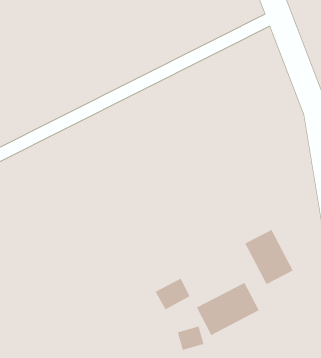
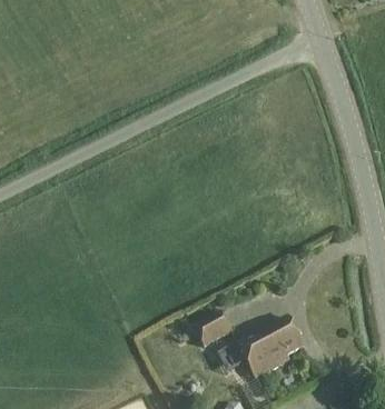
building: [244,229,294,285] -> none

